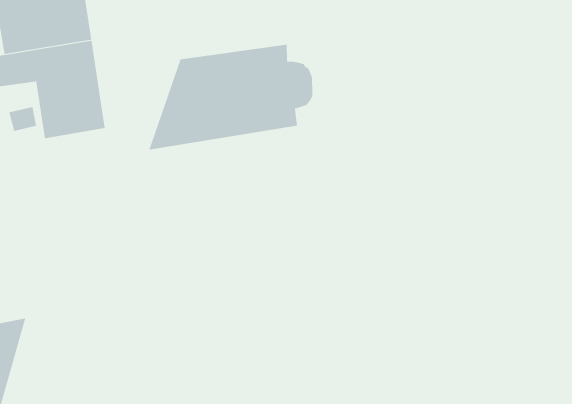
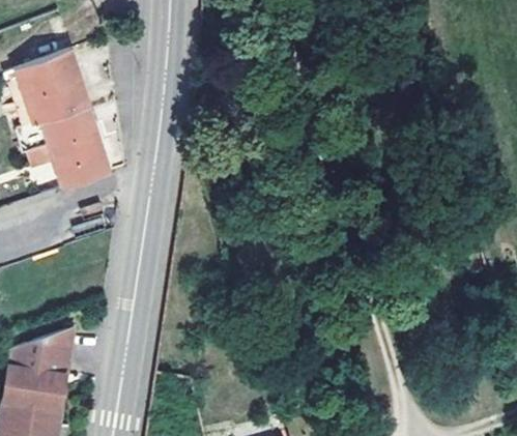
building: [148,44,313,151] -> none

